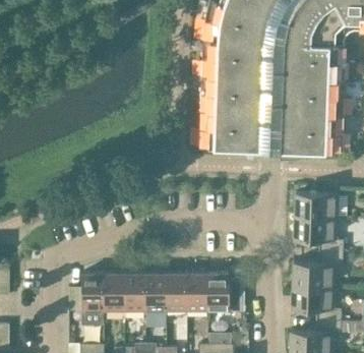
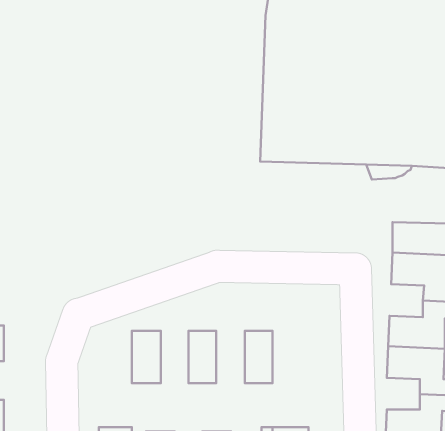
building: [82,275,104,326] -> none
building: [125,275,145,313] -> none
building: [166,275,187,313] -> none
building: [207,275,230,313] -> none

